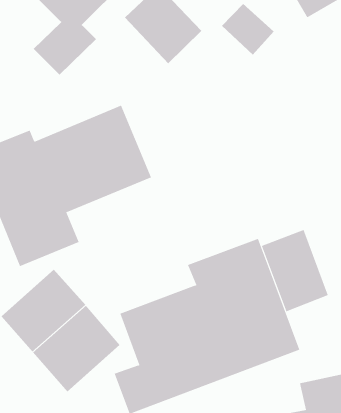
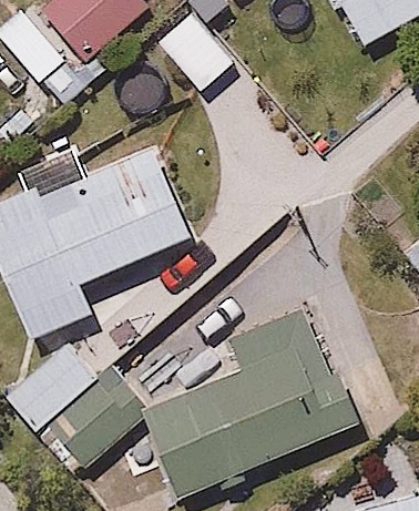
building: [261,229,328,312] -> none

